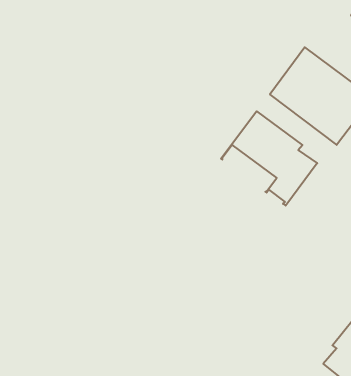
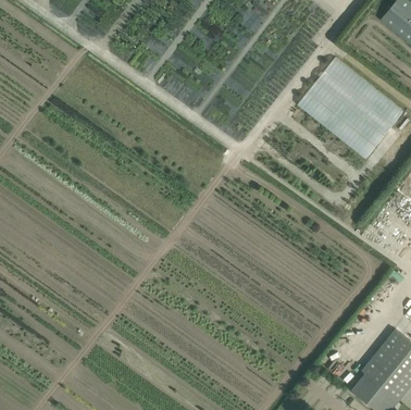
building: [221,111,317,206] -> none

